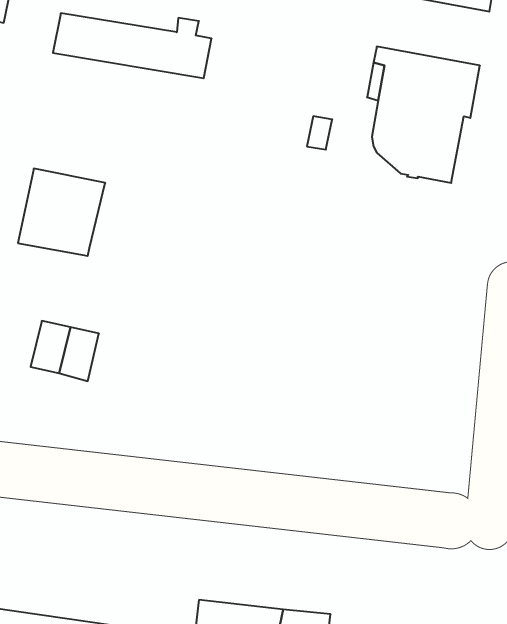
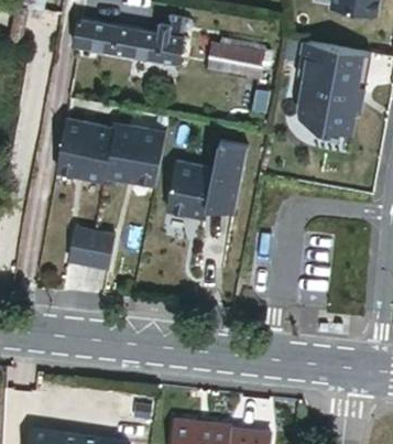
building: none -> [212,36,265,75]
building: none -> [101,129,163,189]
building: none -> [164,145,247,223]

